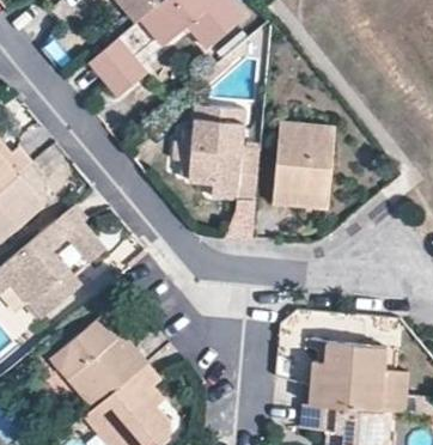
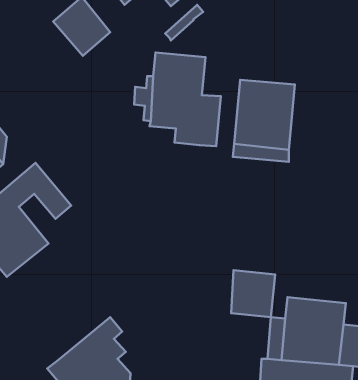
building: none -> [231,270,275,317]
building: [54,316,147,407] -> none

